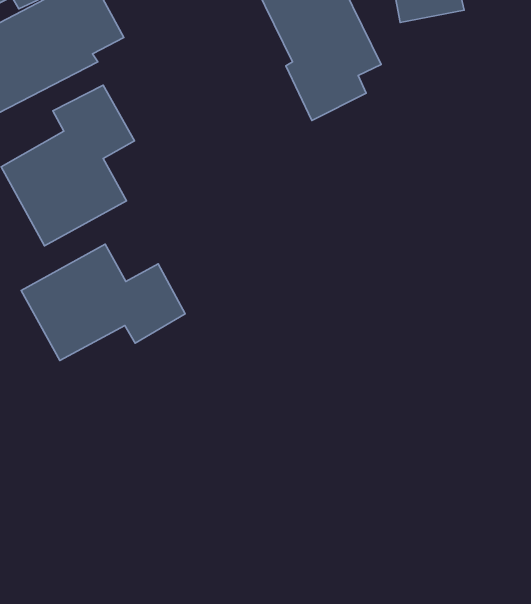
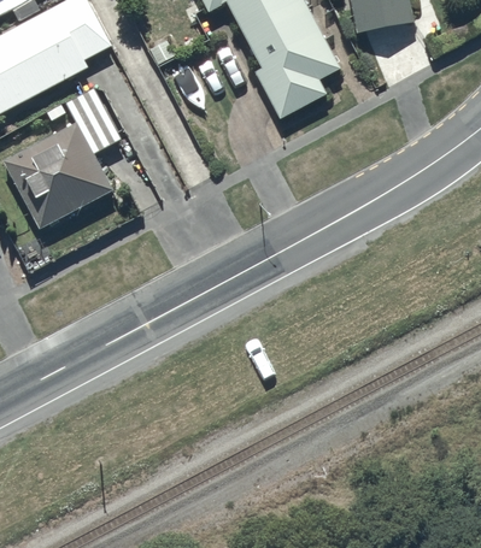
building: [21,244,185,360] -> none

